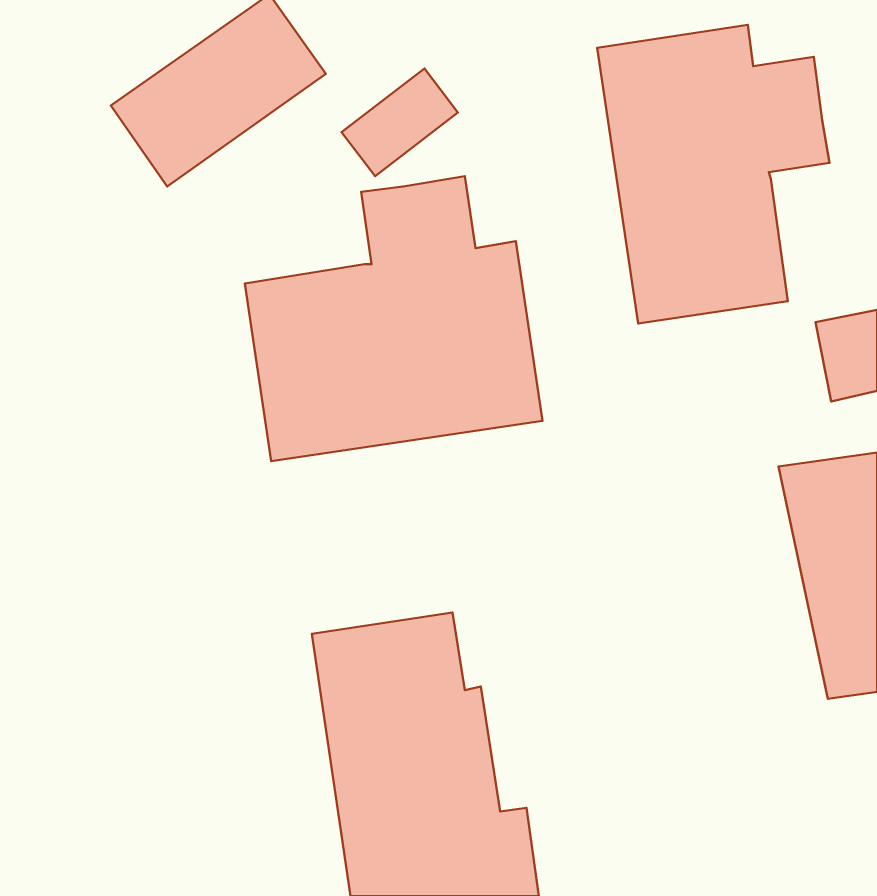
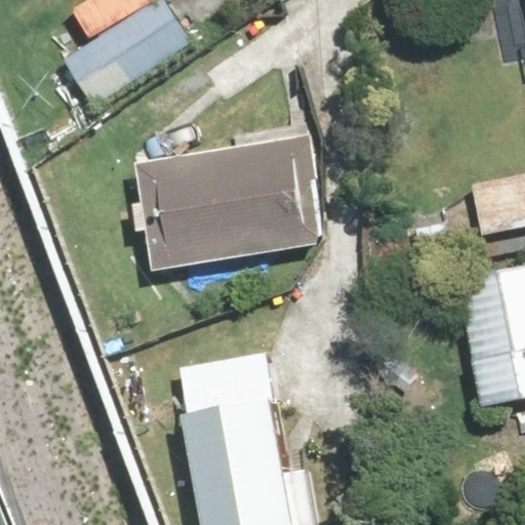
building: [597,25,829,324] -> none

